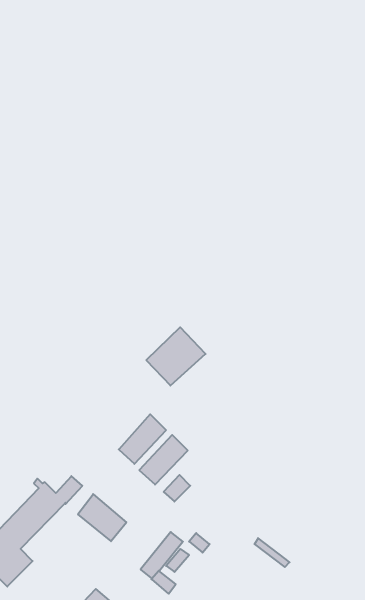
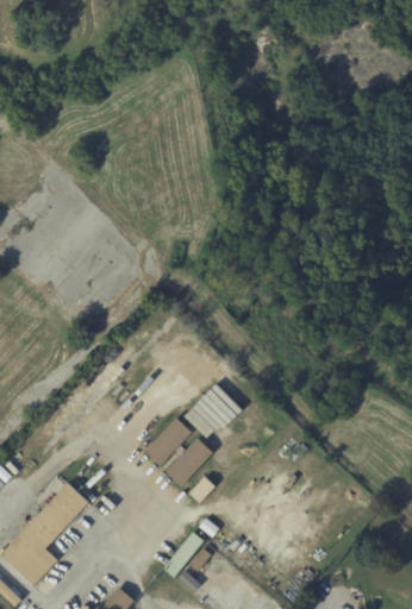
building: [146,327,206,386] -> [181,383,239,440]
building: [78,494,126,541] -> none

